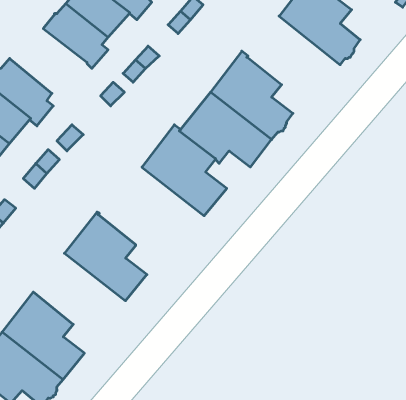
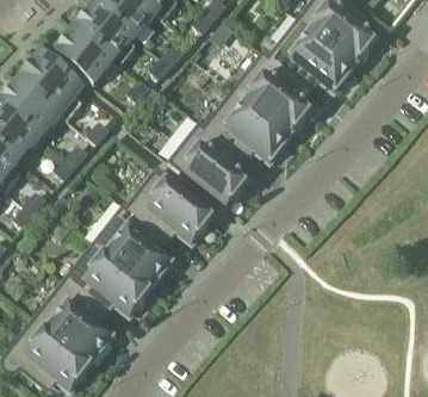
building: none -> [267,15,356,89]
building: none -> [52,27,114,85]
building: none -> [125,168,213,241]
building: none -> [63,242,151,314]

